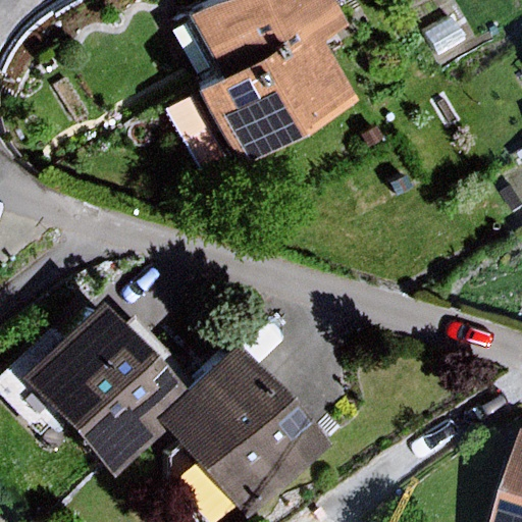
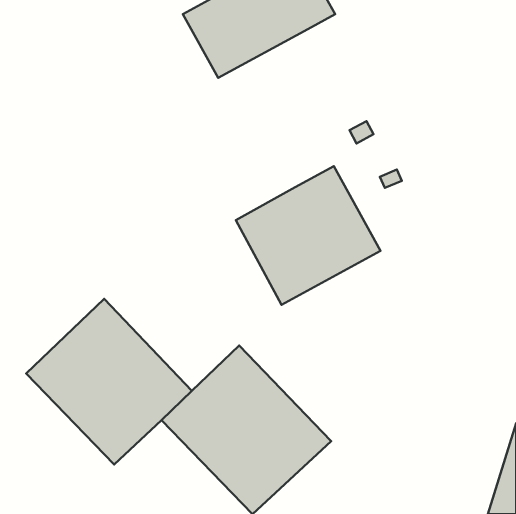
building: [197,30,351,163] -> none
building: none -> [236,166,380,305]

